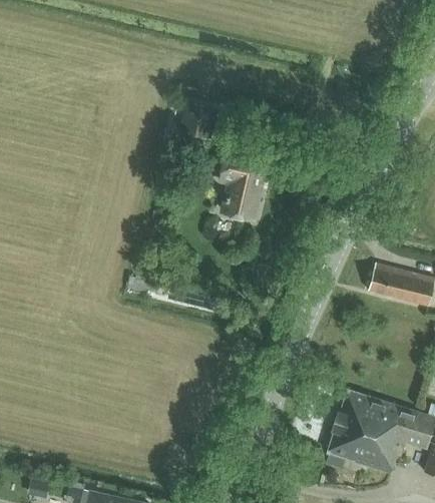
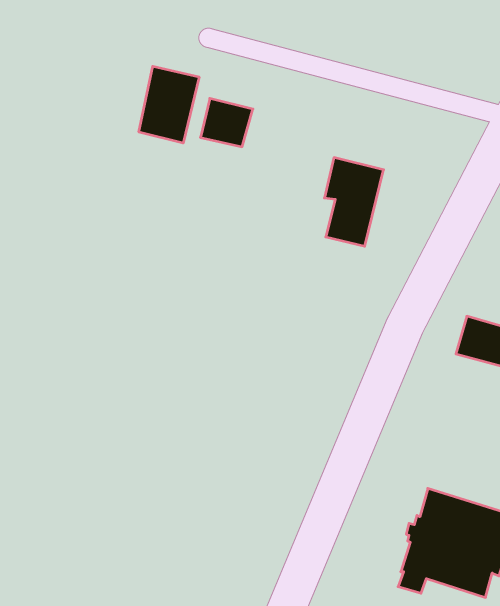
building: none -> [139,66,199,143]
building: [223,151,267,217] -> [324,158,384,246]

